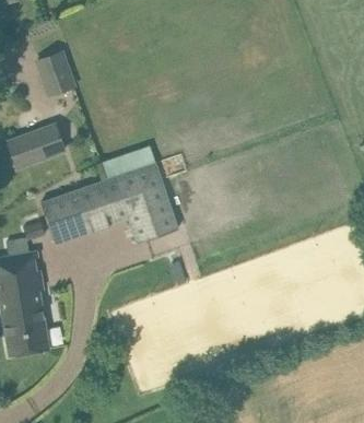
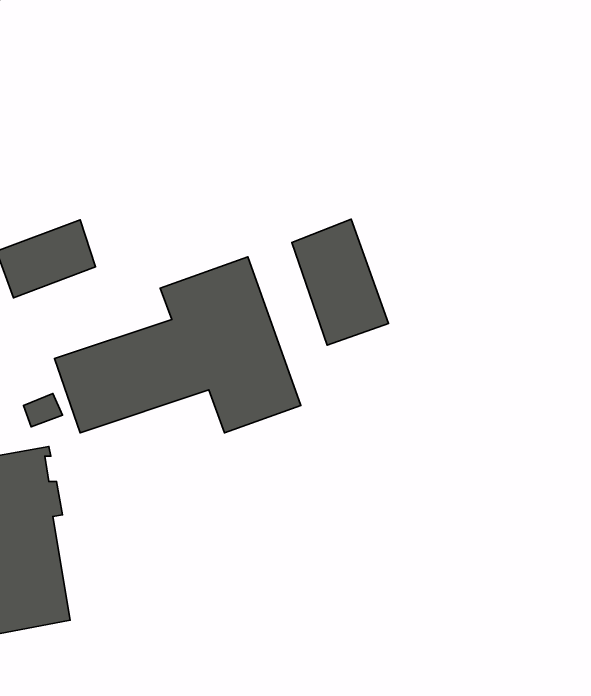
building: [36,51,75,95] -> none
building: none -> [292,219,388,345]

